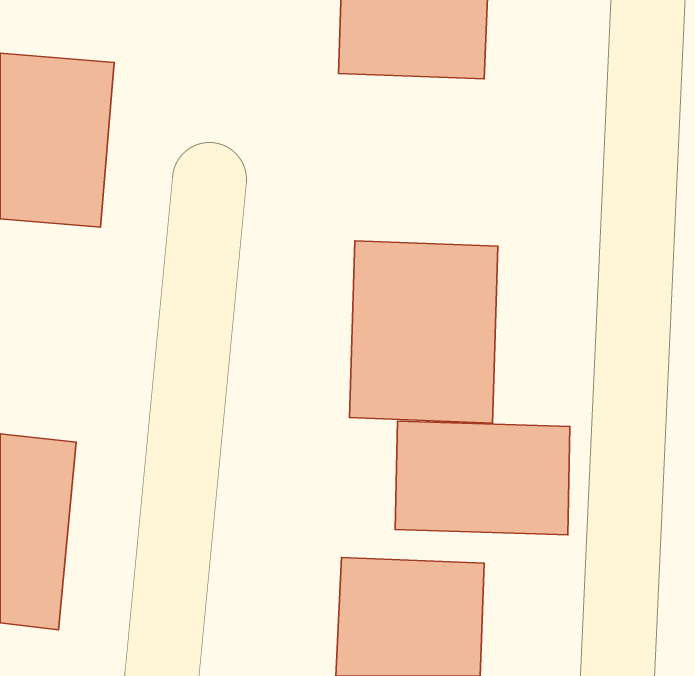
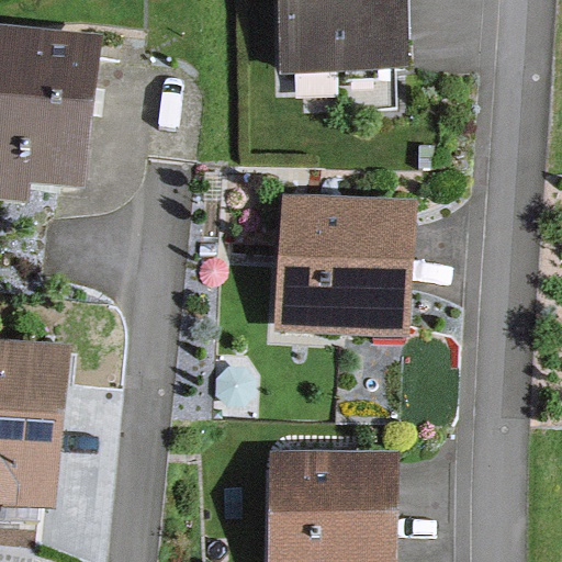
building: [395,421,570,535] -> none

